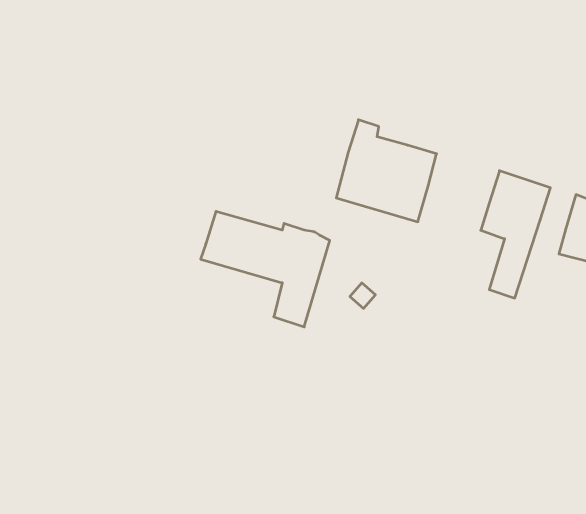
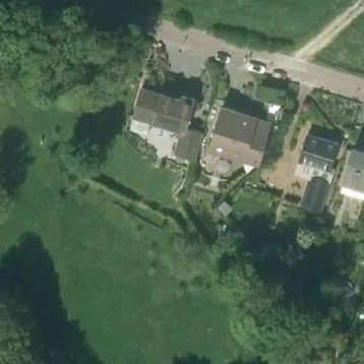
building: [201,211,330,327] -> [132,89,209,159]

